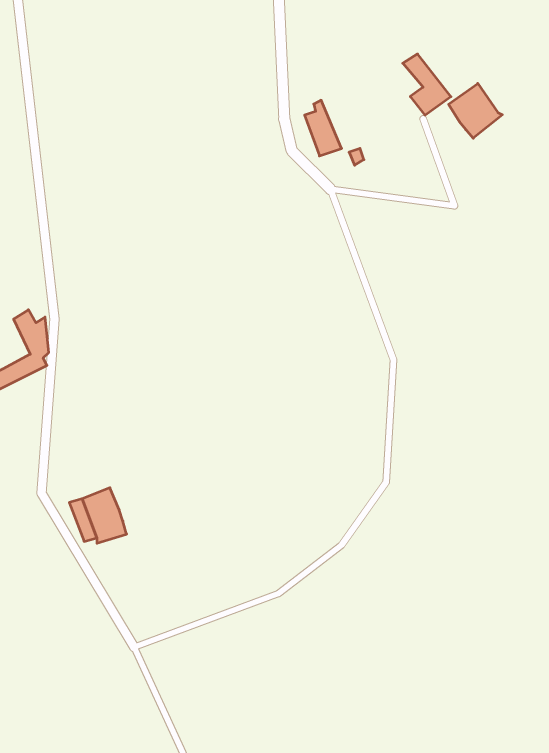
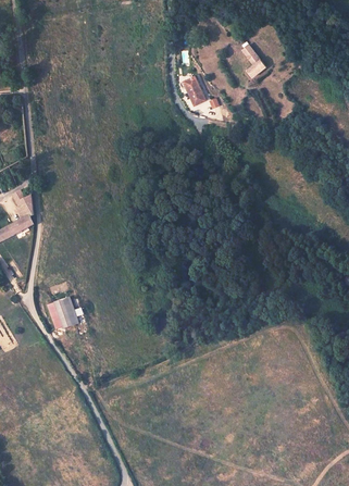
building: [449,83,502,138] -> none

